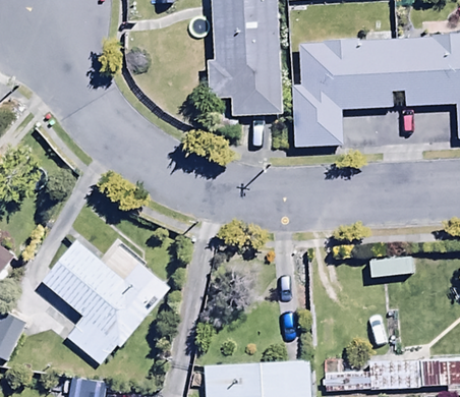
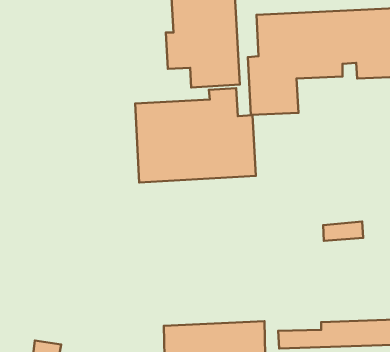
building: none -> [135,88,256,182]
building: [43,239,172,362] -> none

